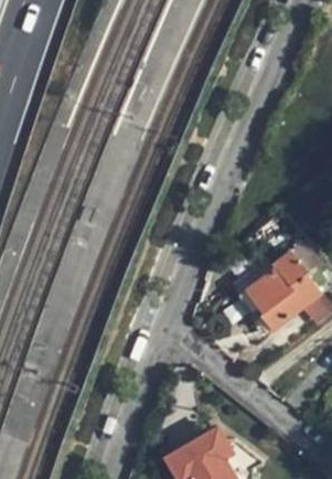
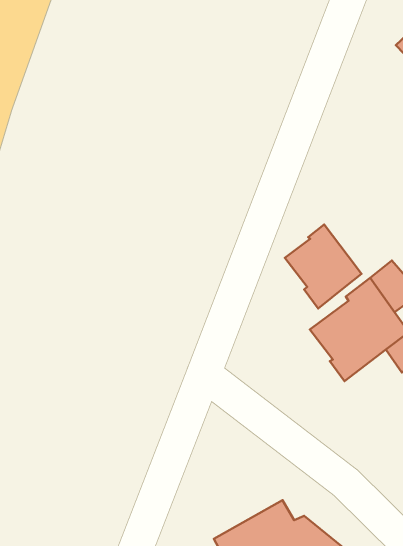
building: none -> [285,224,362,308]

